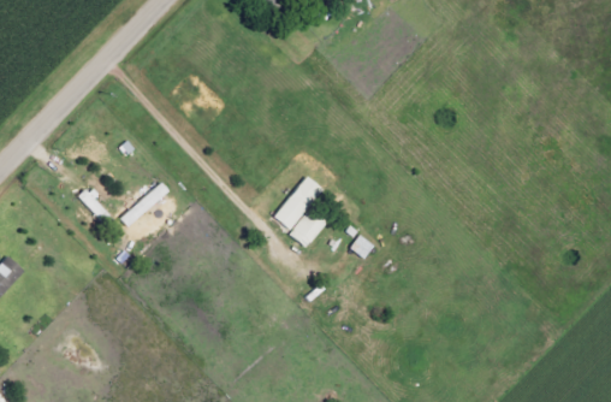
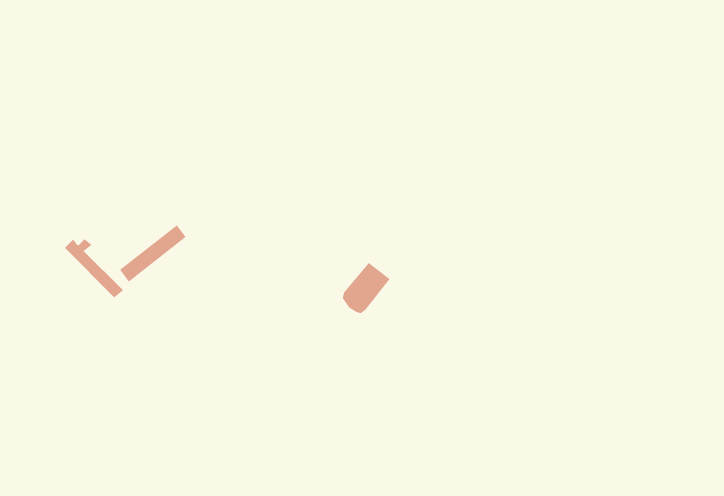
building: [272,178,321,231] -> none

